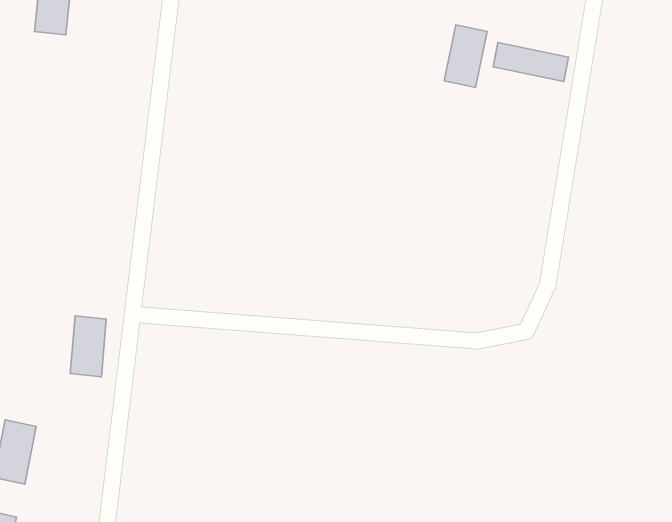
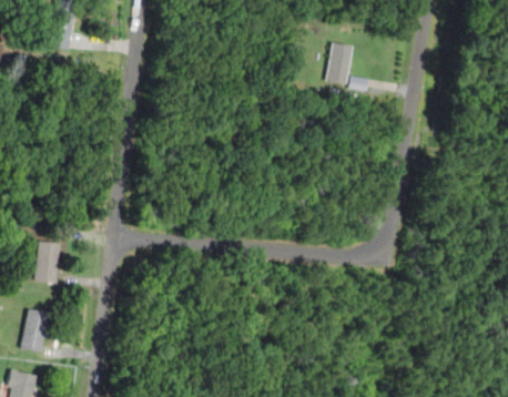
building: [493,42,569,81] -> none
building: [70,316,106,377] -> [35,242,60,283]

